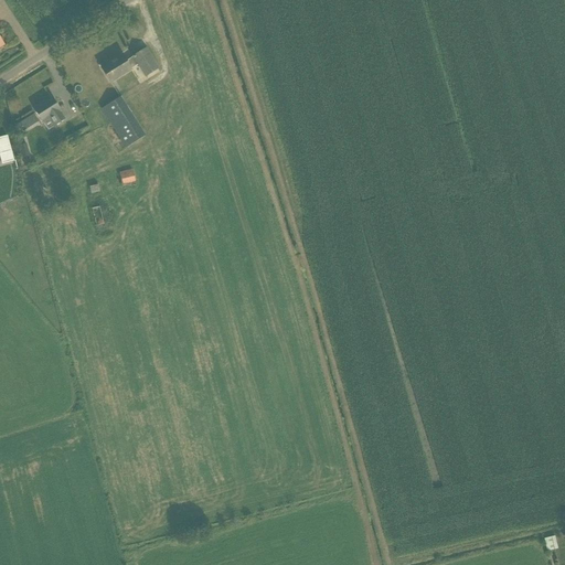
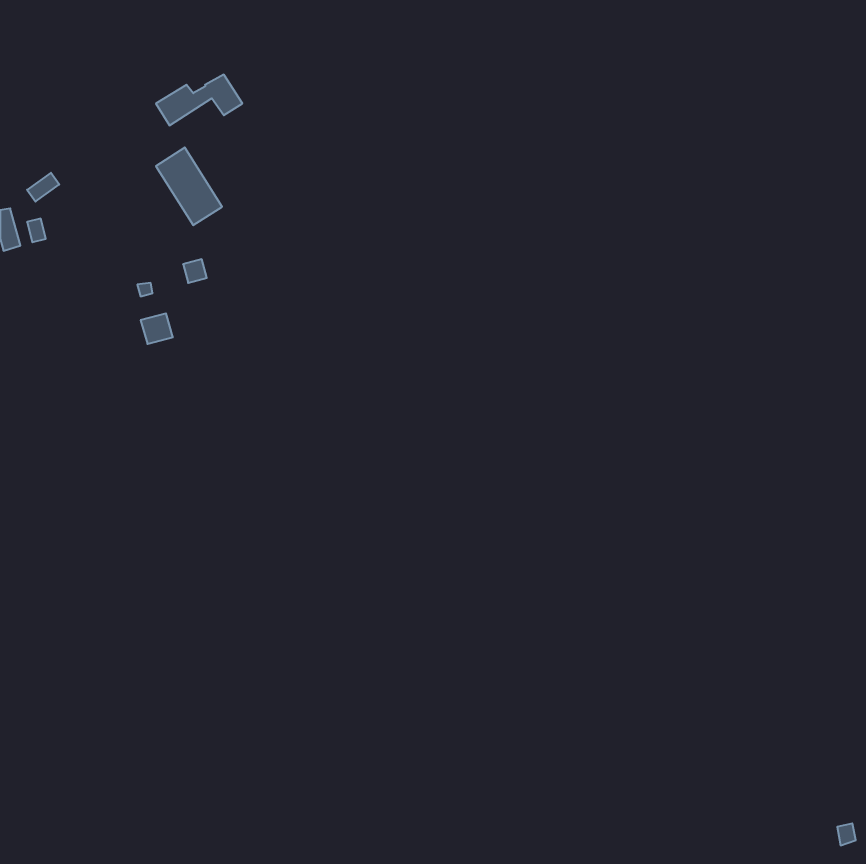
building: [34,98,65,126] -> none

